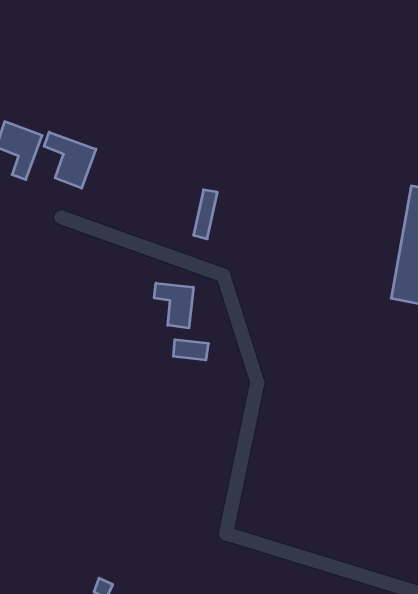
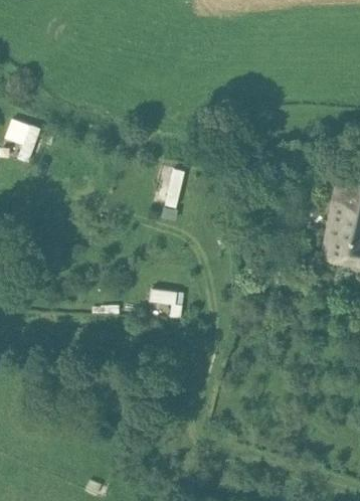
building: [44,132,96,188] -> none
building: [154,283,193,328] -> none

